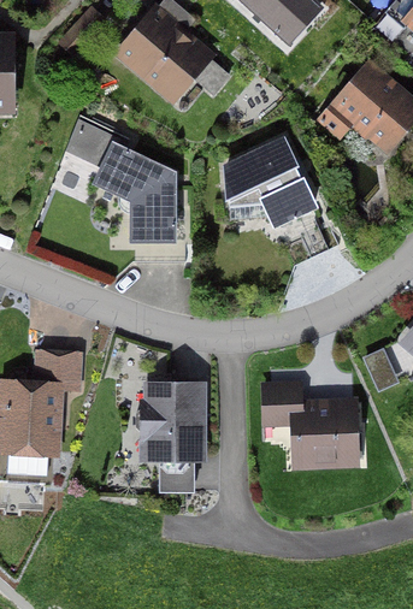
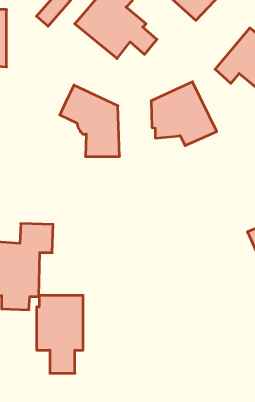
building: [65,114,131,168] -> none
building: [140,376,207,489] -> [37,295,83,373]
building: [261,380,360,471] -> none

